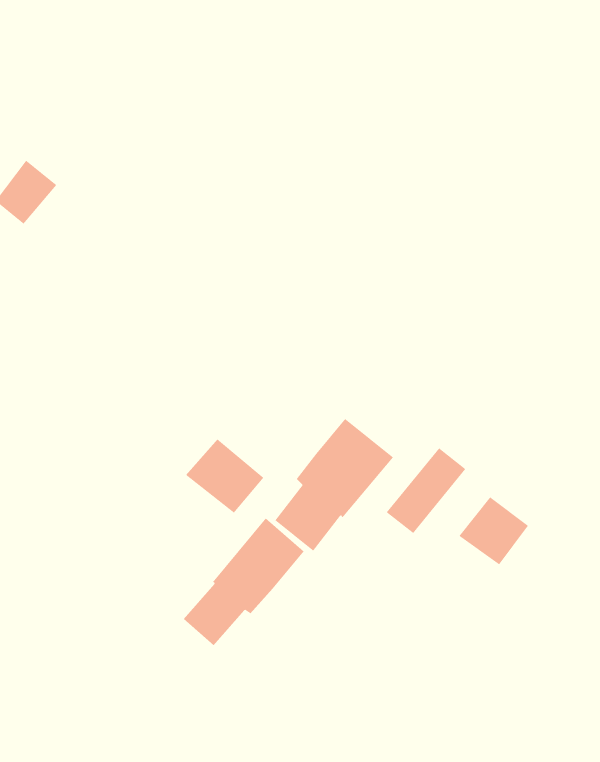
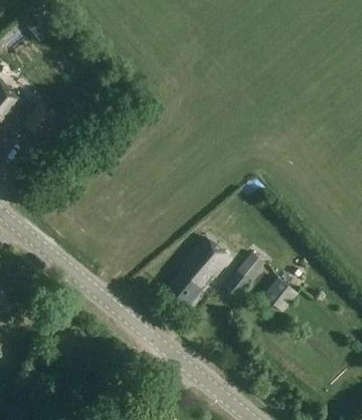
building: [185,439,264,514] -> none
building: [183,518,304,646] -> none

